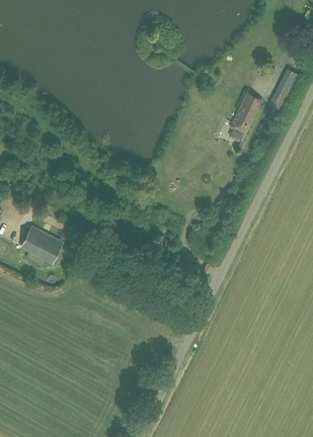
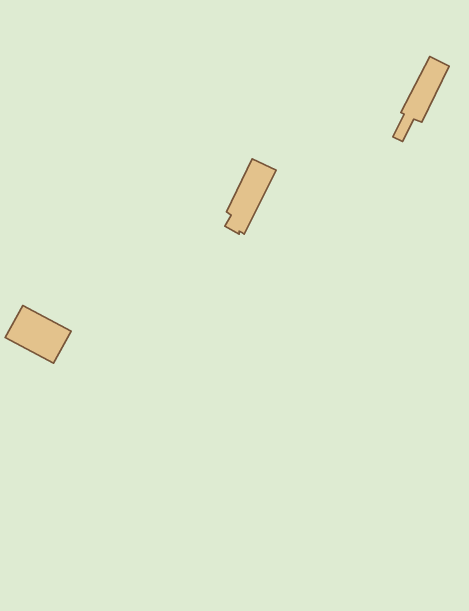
building: [228,93,260,141] -> [225,159,276,234]

